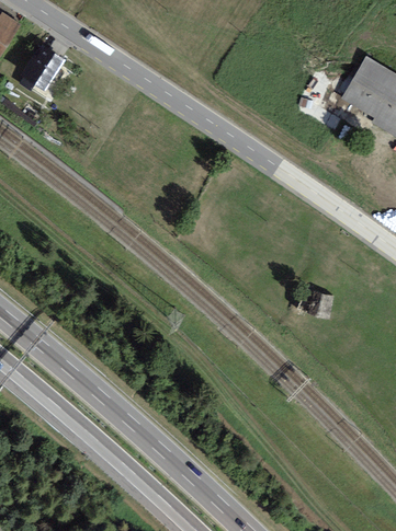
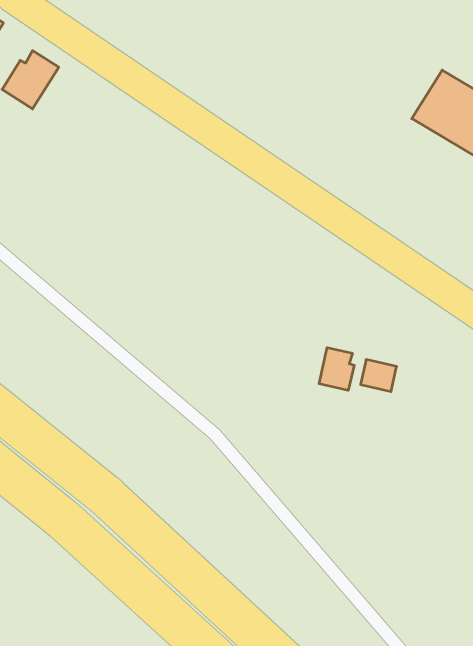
building: none -> [319,348,354,390]

